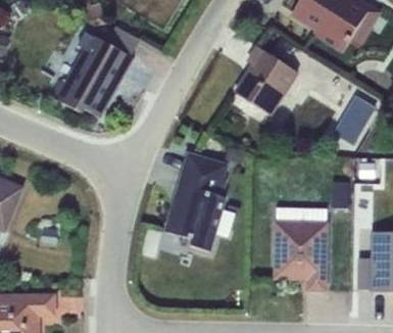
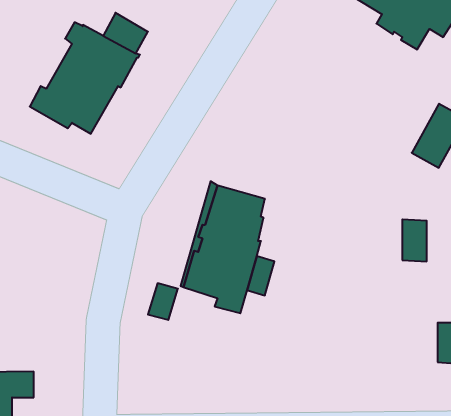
building: [235,46,299,115] -> none
building: [274,206,327,289] -> none

